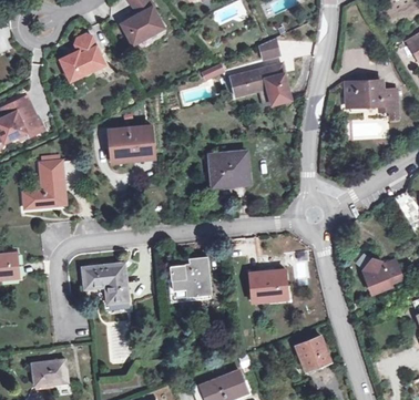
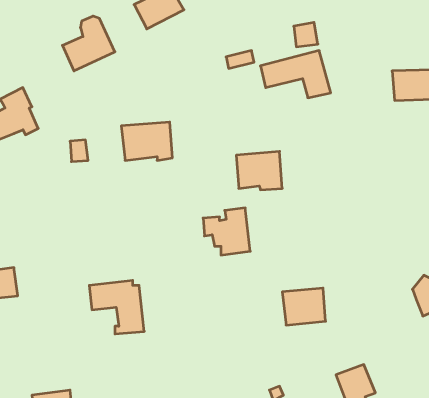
building: [22,160,65,207] -> none
building: [171,255,212,296] -> [203,208,250,255]

